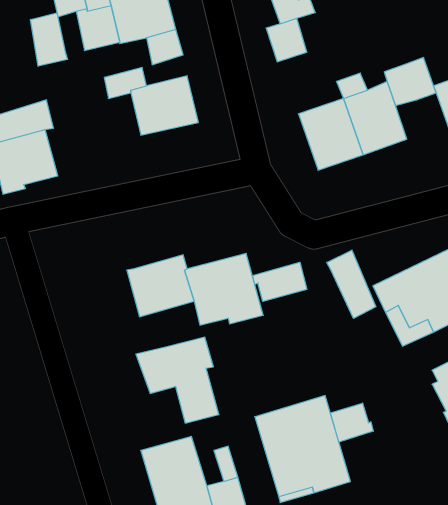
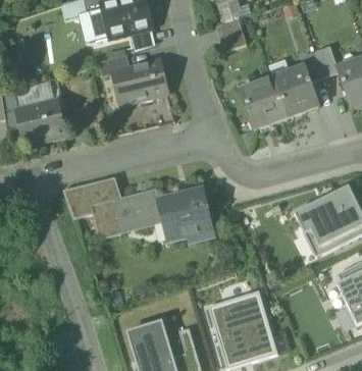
building: [31,13,68,66] -> none
building: [327,250,376,318] -> none
building: [253,262,307,301] -> none
building: [136,337,219,423] -> [64,177,124,240]
building: [330,403,373,442] -> none

